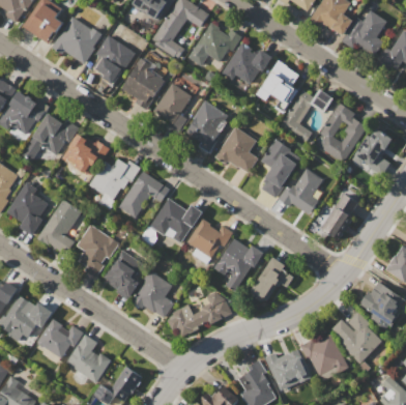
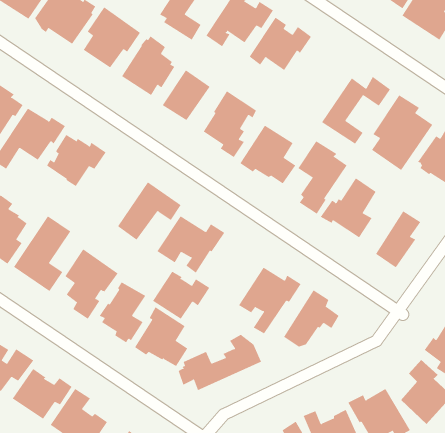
building: [255,59,299,113] -> none
building: [88,158,140,198] -> none
building: [187,219,233,257] -> [152,271,210,319]

